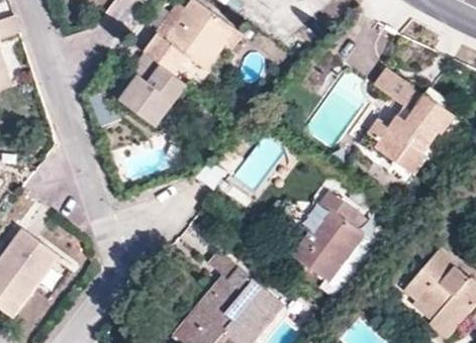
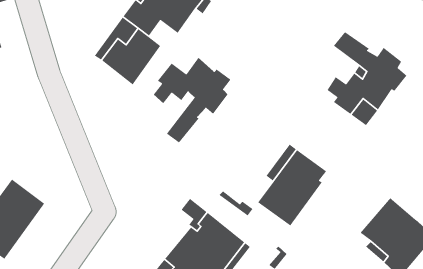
building: none -> [153,57,231,144]

